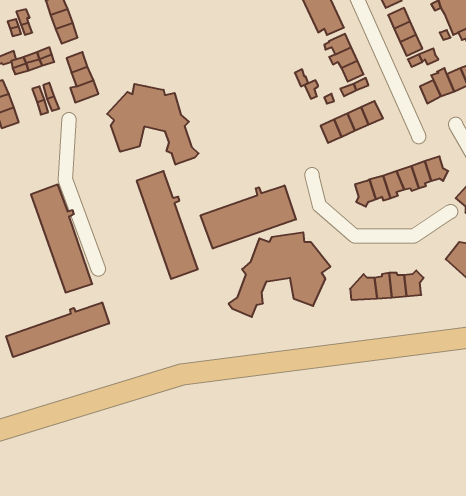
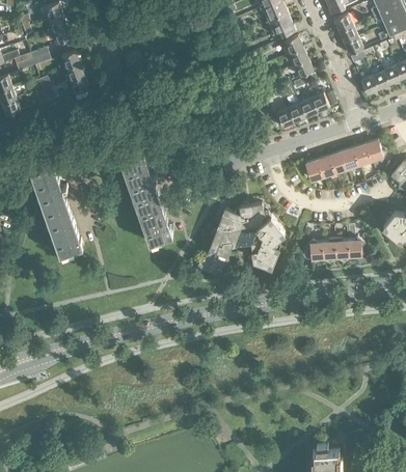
building: [107,84,199,165] -> none
building: [201,185,296,249] -> none
building: [6,302,109,357] -> none

